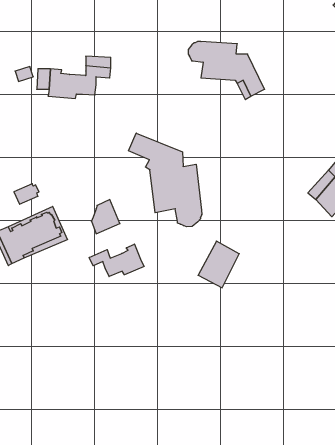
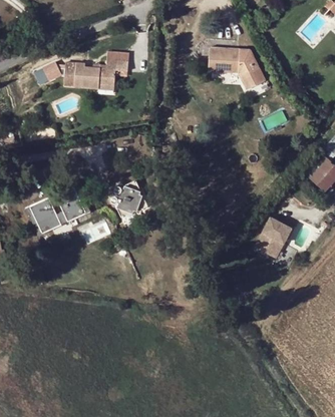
building: [129,133,202,227] -> none
building: [198,241,239,288] -> [254,218,290,259]
building: [89,244,144,277] -> none

